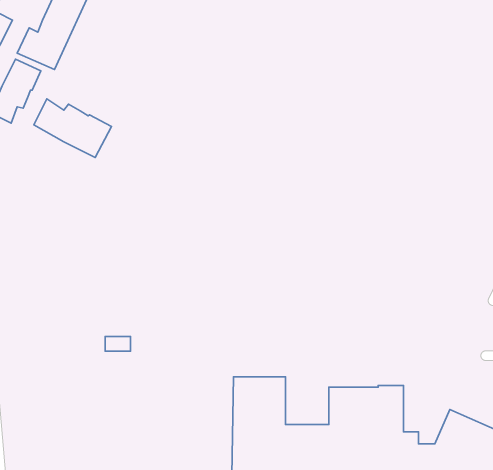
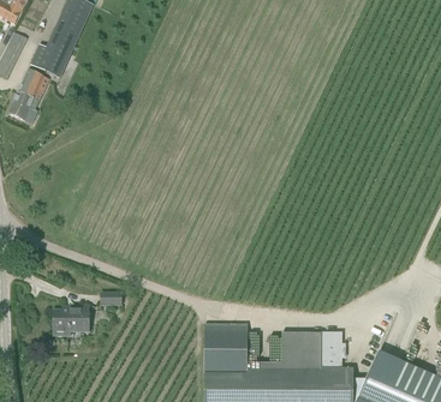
building: [34,99,111,157] -> none
building: none -> [53,305,89,335]

